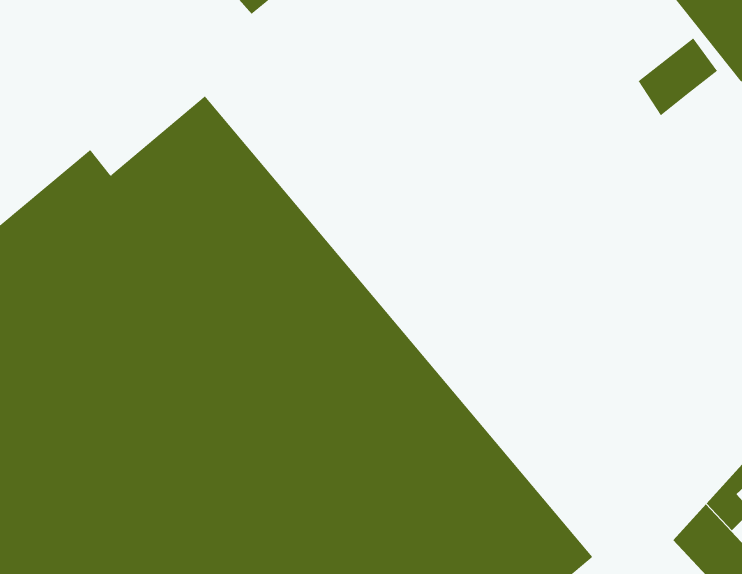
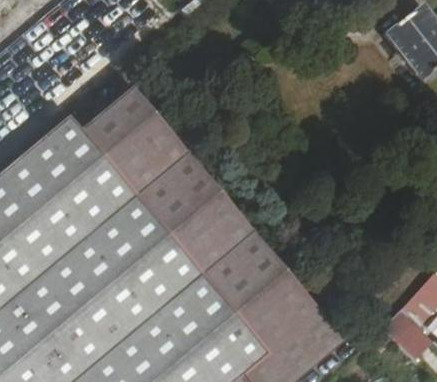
building: [638,37,718,116] -> none

